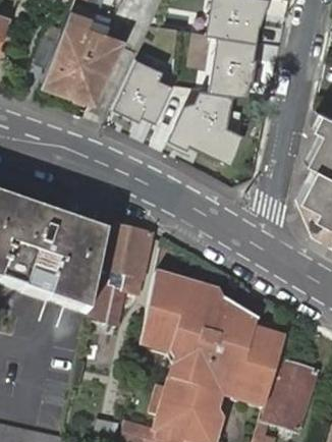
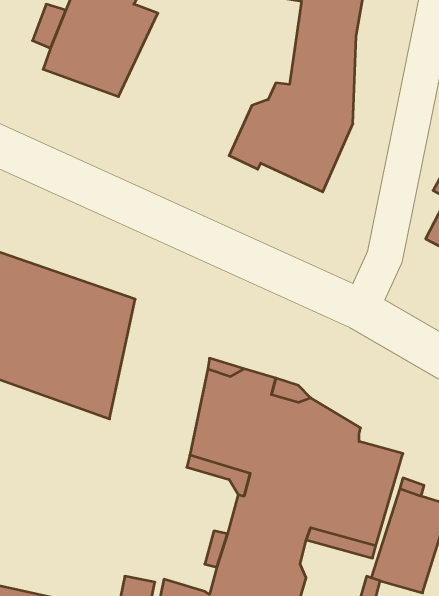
building: [111,58,172,121] -> none
building: [89,225,151,323] -> none

